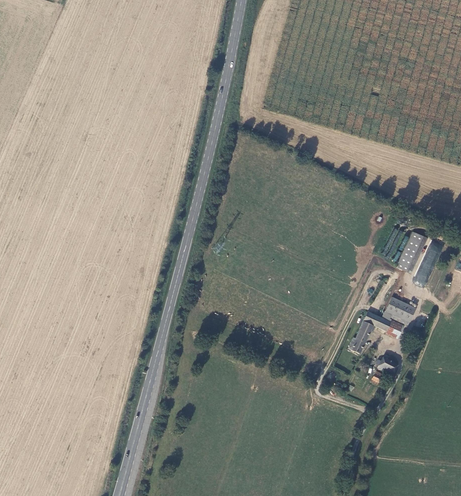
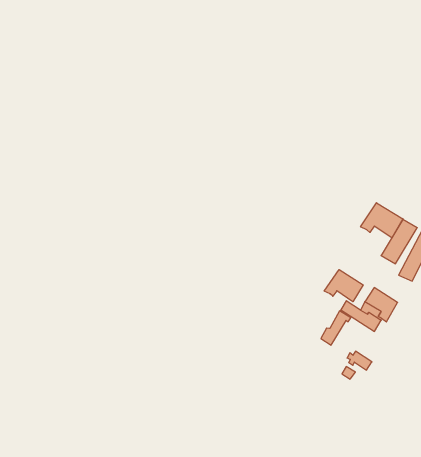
building: none -> [361,203,403,238]
building: none -> [324,270,363,302]

